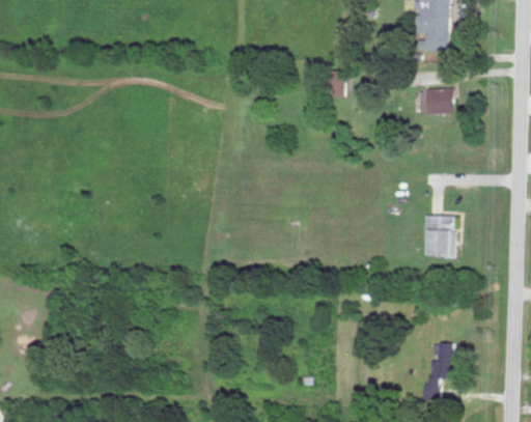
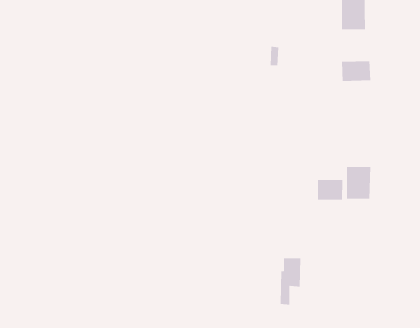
building: none -> [317,179,343,201]
building: [428,343,454,400] -> [280,258,301,305]

